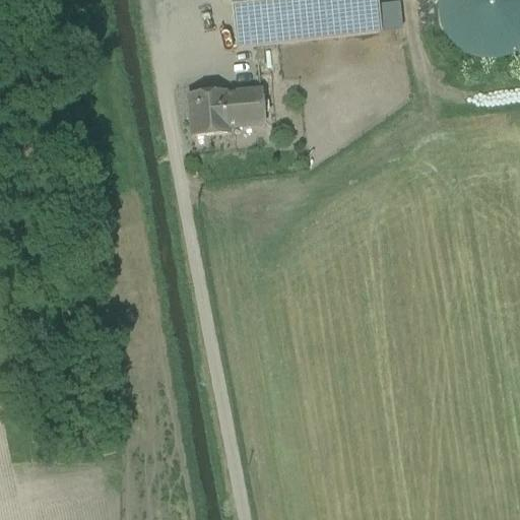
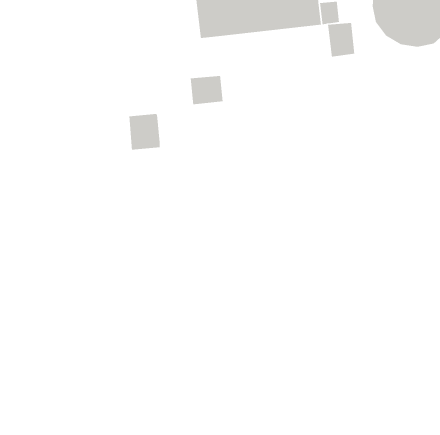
building: none -> [327,22,355,57]
building: [190,89,228,133] -> [128,113,160,150]

